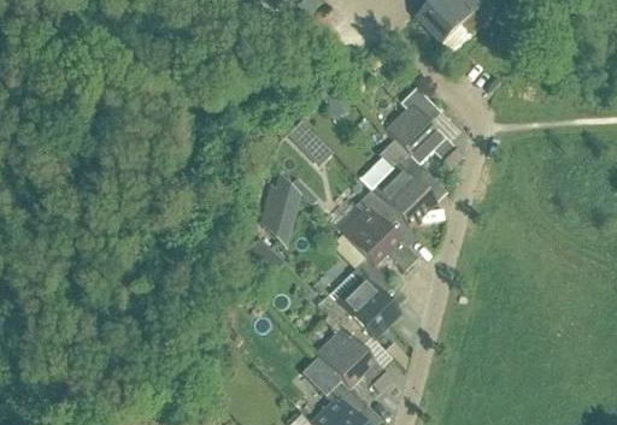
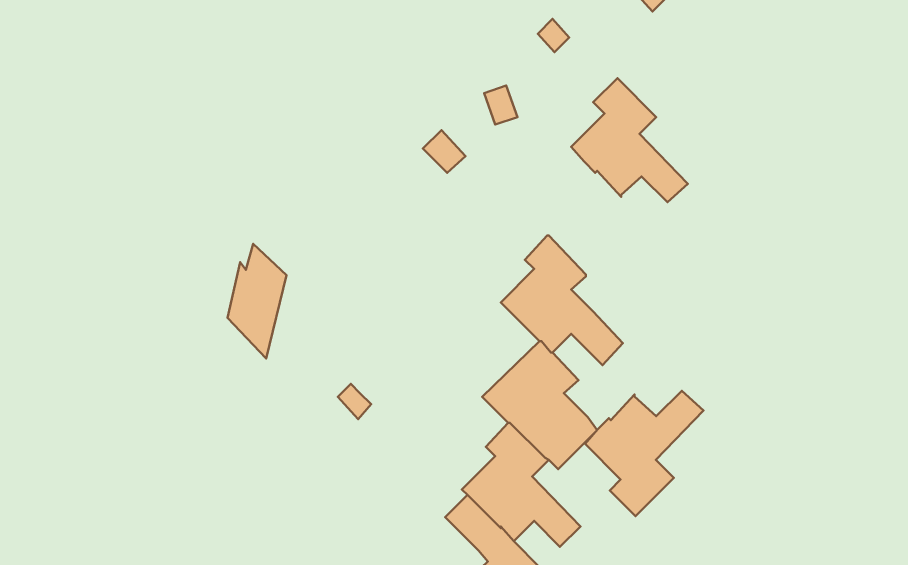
building: [360,141,431,224] -> none
building: [262,175,300,249] -> [227,244,287,359]
building: none -> [585,391,703,516]

